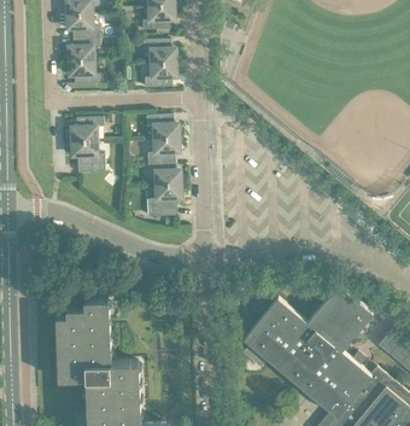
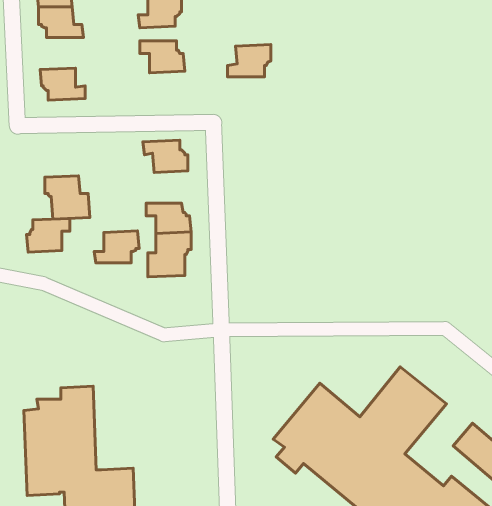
building: [68,37,100,62] -> none
building: [144,63,176,87] -> [228,45,271,77]
building: [70,117,102,142] -> [27,218,70,252]
building: [146,138,180,162] -> [94,231,139,263]

